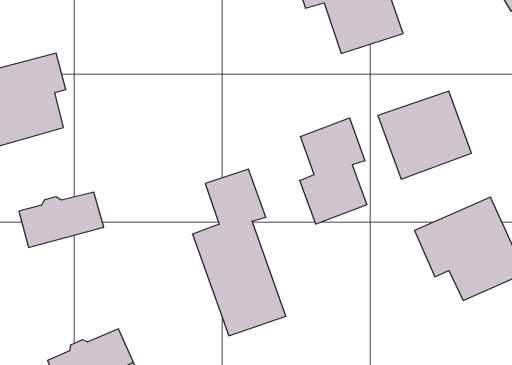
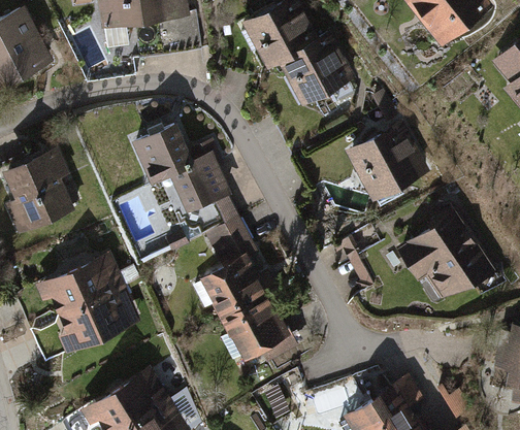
building: none -> [133,125,235,220]
building: [300,118,367,224] -> none
building: none -> [61,288,136,344]

